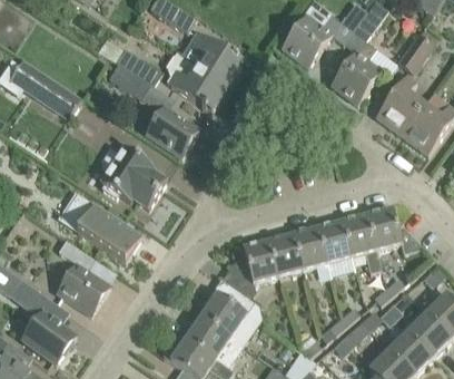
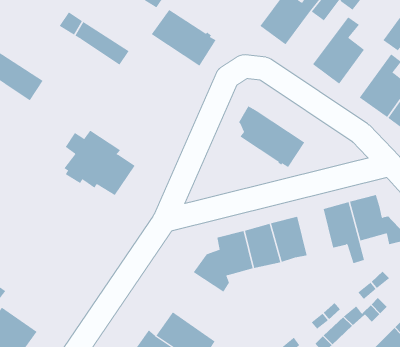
building: [165,52,227,110] -> [238,106,305,168]
building: [109,61,152,99] -> none
building: [142,101,198,157] -> none
building: [60,193,142,263] -> none
building: [318,220,351,263] -> none
building: [56,239,110,314] -> none
building: [201,279,260,343] -> none

